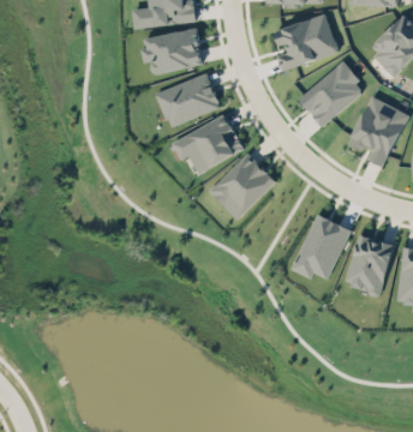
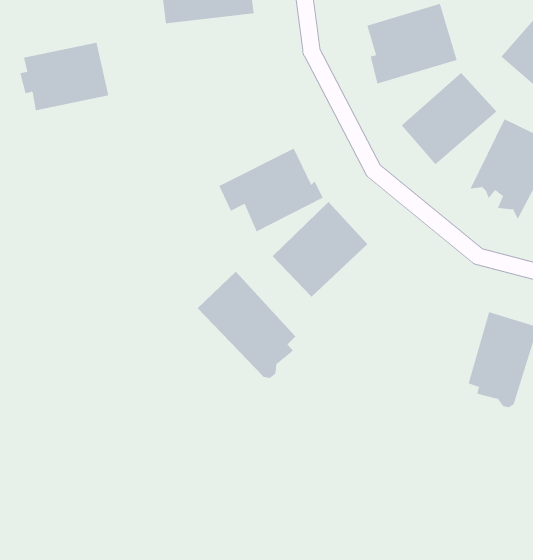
building: [142,28,204,76] -> [20,42,109,111]
building: [156,72,221,126] -> none
building: none -> [197,271,296,379]
building: [294,215,349,280] -> none

